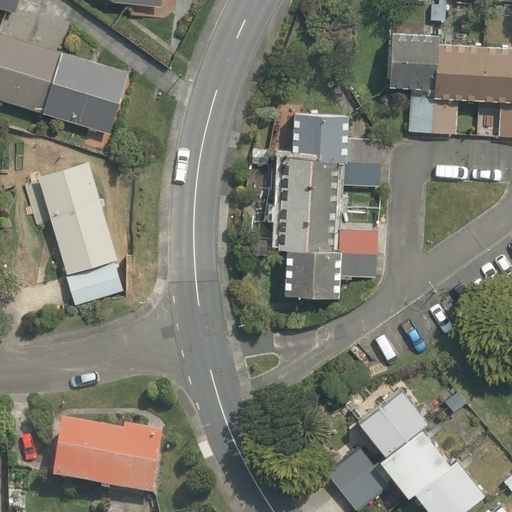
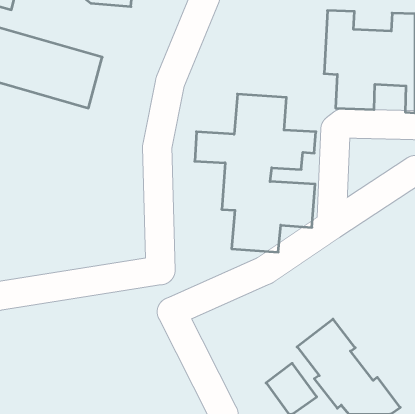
building: [36,159,122,302] -> none
building: [55,424,159,492] -> none

